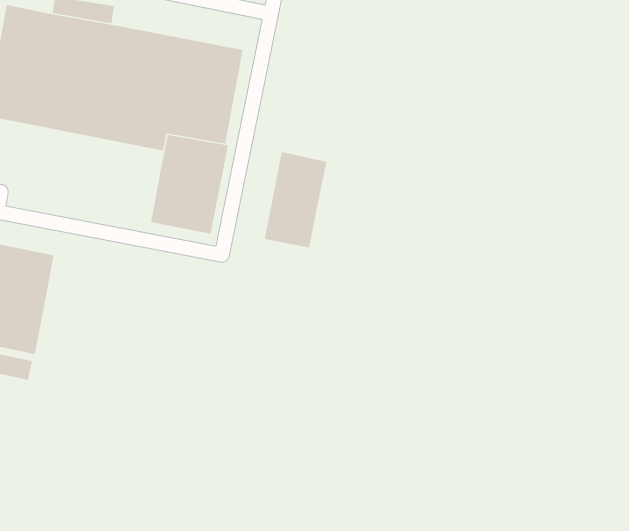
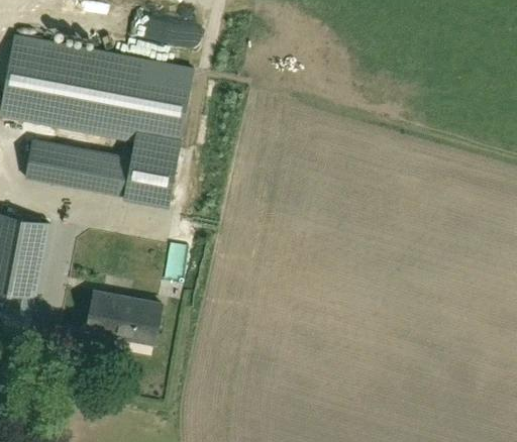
building: none -> [23,139,129,197]
building: [264,151,327,248] -> none
building: none -> [86,292,160,344]

